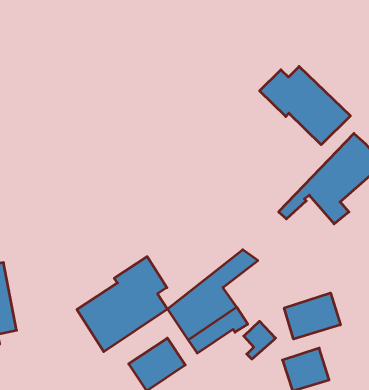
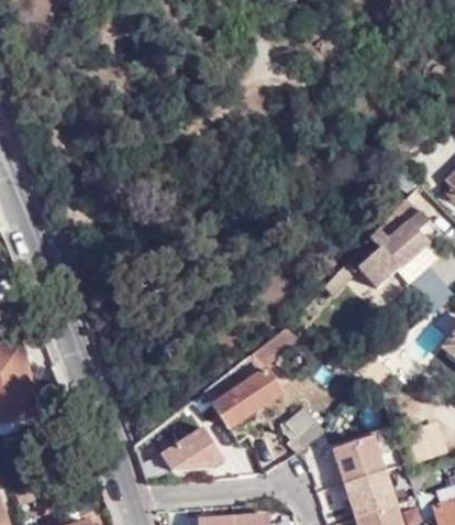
building: [260,66,350,145] -> none
building: [77,257,167,352] -> none
building: [284,293,340,339] -> none

